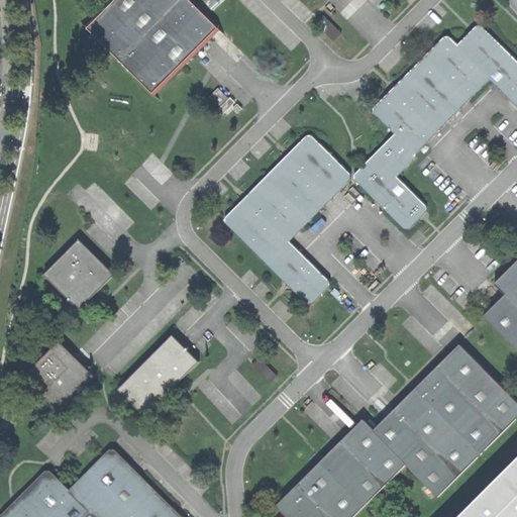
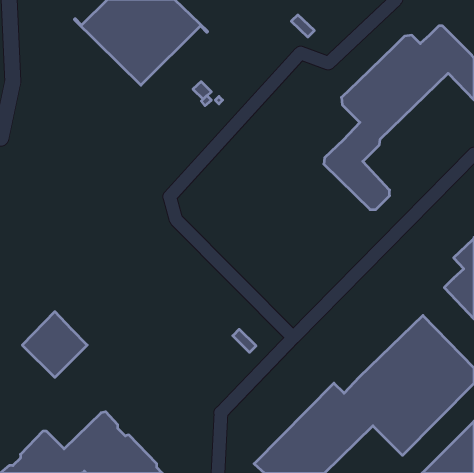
building: [224,134,349,303] -> none
building: [44,239,114,309] -> none
building: [117,334,199,415] -> none

